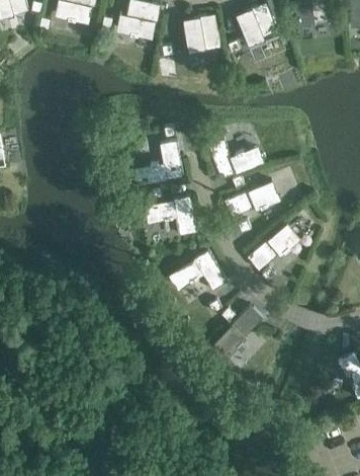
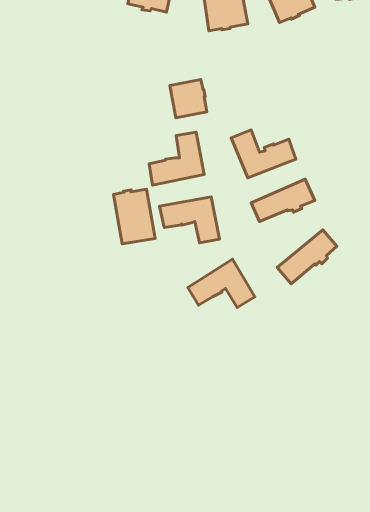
building: none -> [170,79,207,118]
building: none -> [113,189,155,244]
building: [214,306,263,355] -> none

